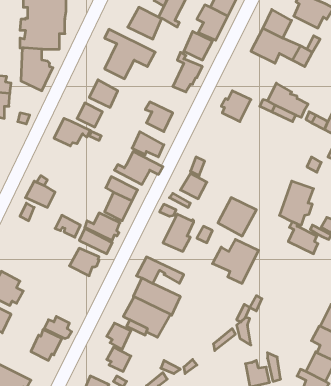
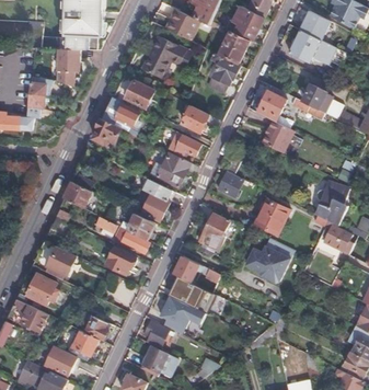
building: none -> [262,121,295,153]
building: none -> [45,245,76,276]
building: none -> [44,346,73,375]

